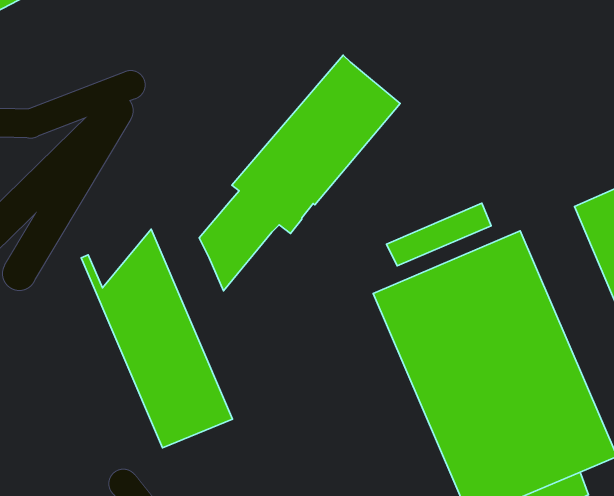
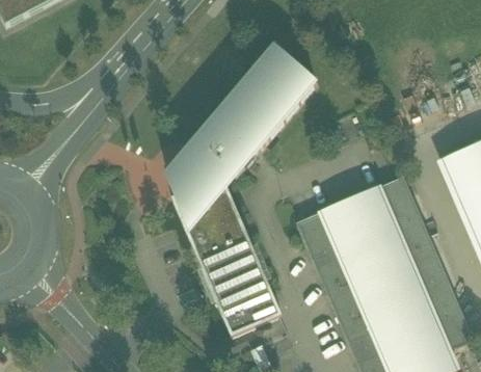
building: [387,203,491,266] -> none
building: [81,229,232,448] -> [171,176,282,335]

